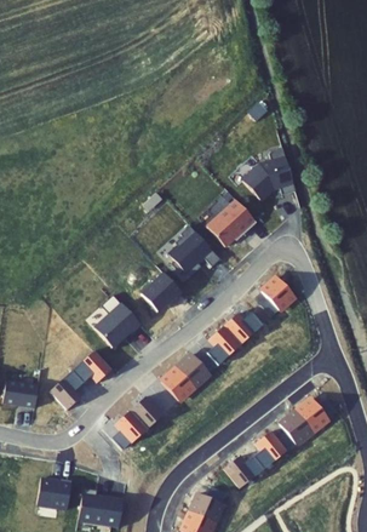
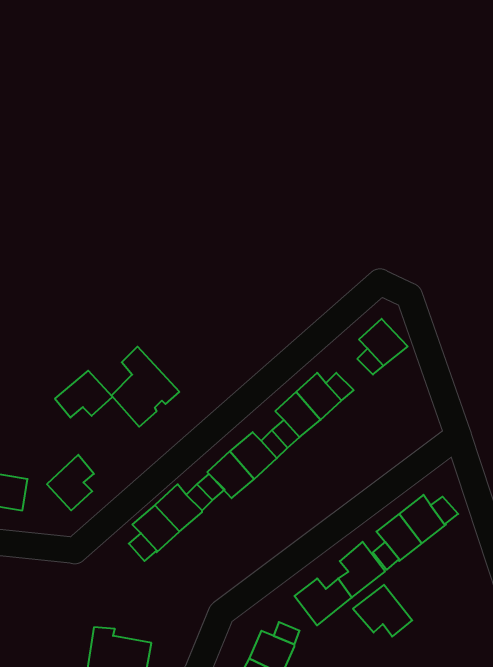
building: [242,149,294,204] -> none
building: [206,201,256,251] -> none
building: [170,227,220,279] -> none
building: [139,274,179,313] -> none
building: [71,351,111,384] -> [55,371,112,418]
building: none -> [353,585,412,637]
building: [36,479,70,511] -> none

